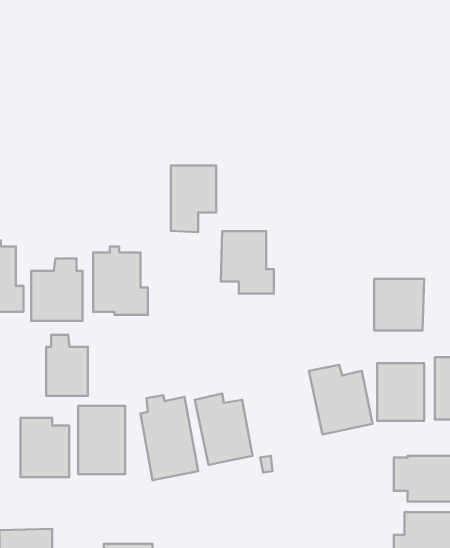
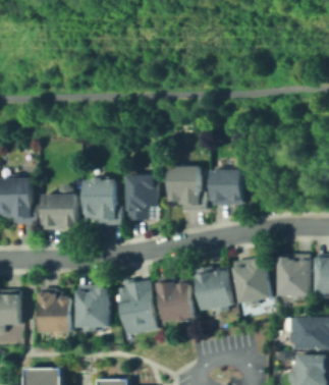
building: [171,165,216,232] -> [128,175,159,220]
building: [374,279,424,330] -> [212,170,245,205]
building: [46,335,88,396] -> none
building: none -> [193,267,231,312]

